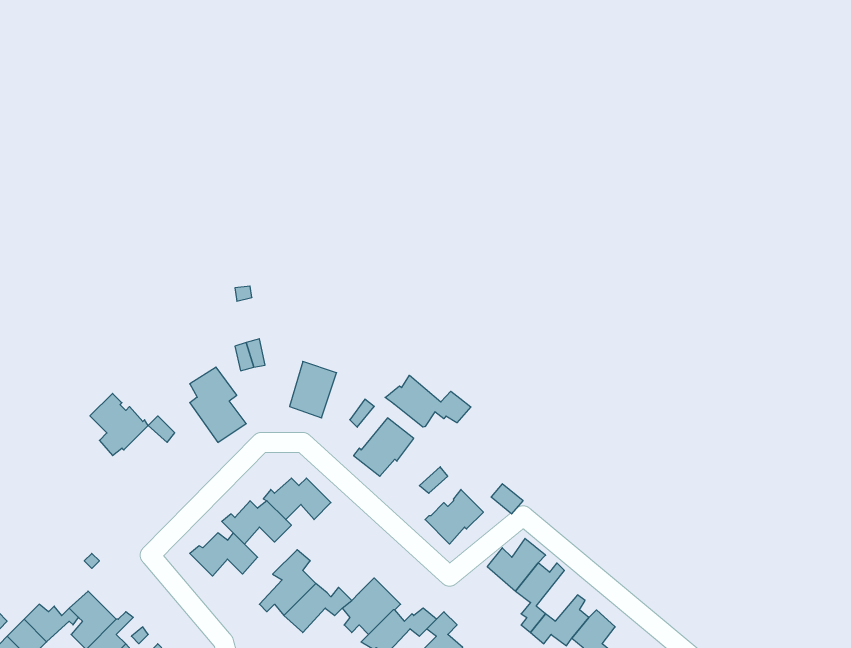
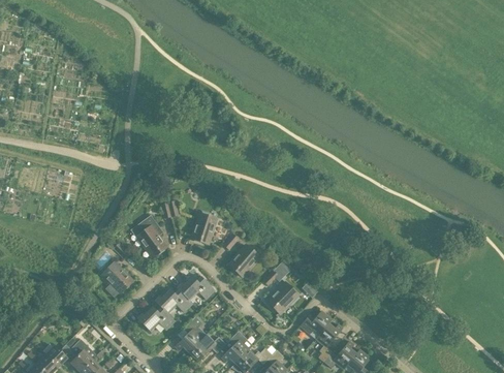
building: [385,375,471,427] -> none
building: [90,393,148,456] -> [101,262,133,297]

